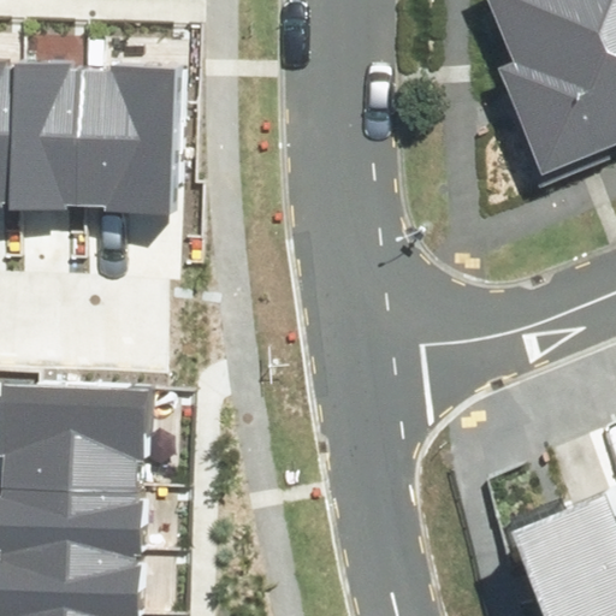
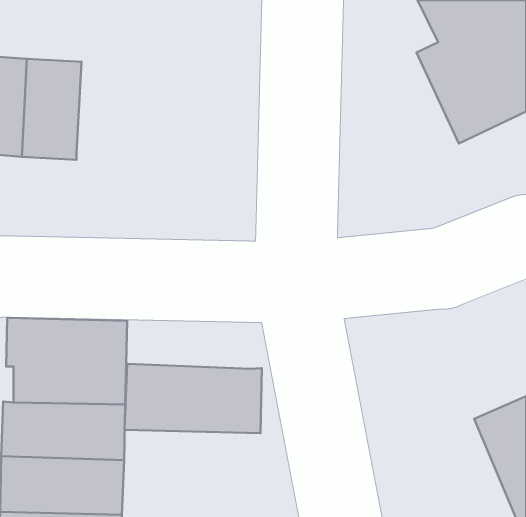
building: [89,84,188,194] -> none
building: none -> [125,364,262,433]

